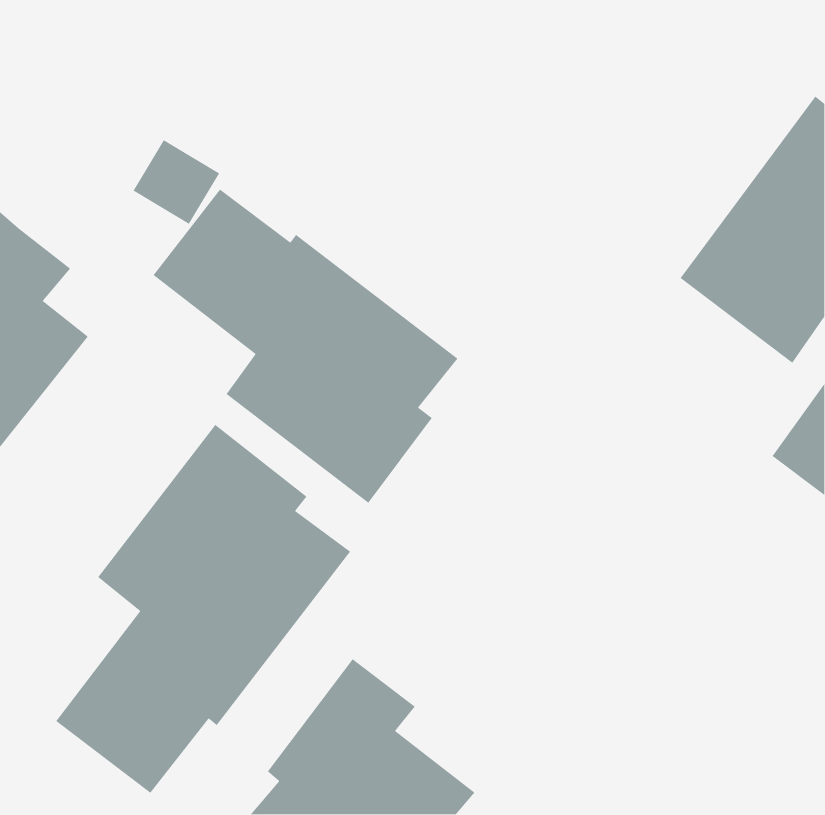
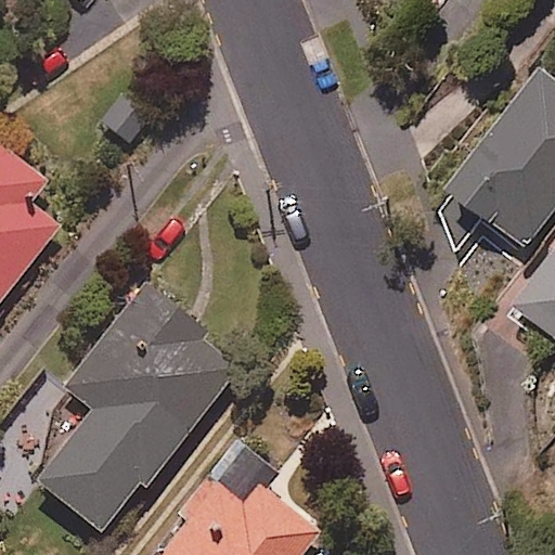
building: [153,188,458,504] -> none

